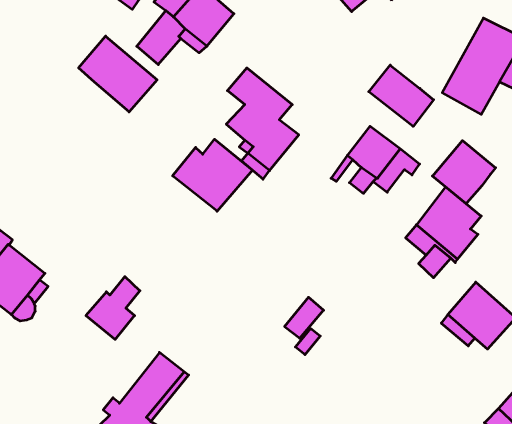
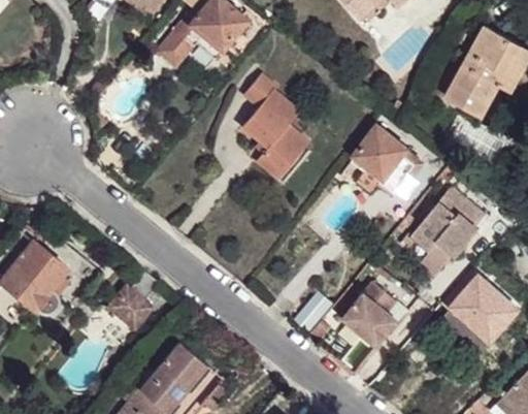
building: [79,36,157,112] -> none
building: [369,65,434,126] -> none
building: [173,139,252,211] -> none
building: [432,141,496,203] -> none
building: none -> [342,283,396,347]

